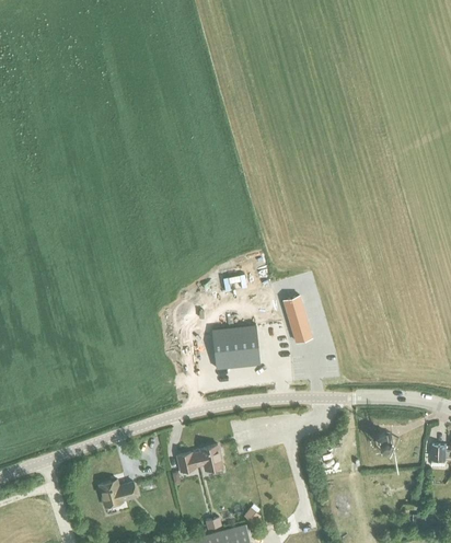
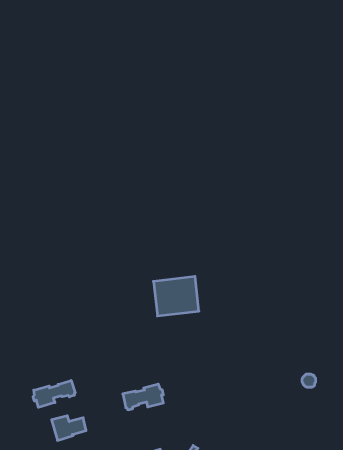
building: [284,296,312,343] -> none
building: none -> [33,380,75,407]

